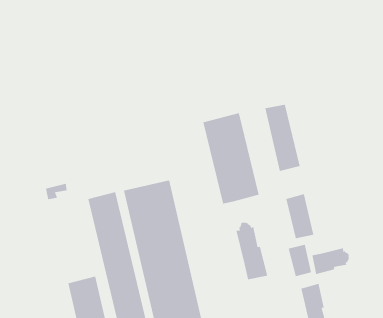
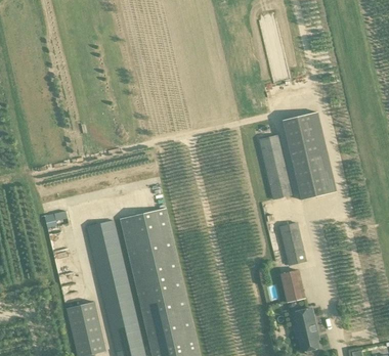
building: [203,113,259,204] -> [282,110,337,199]
building: [236,221,268,280] -> none
building: [312,248,350,275] -> none

